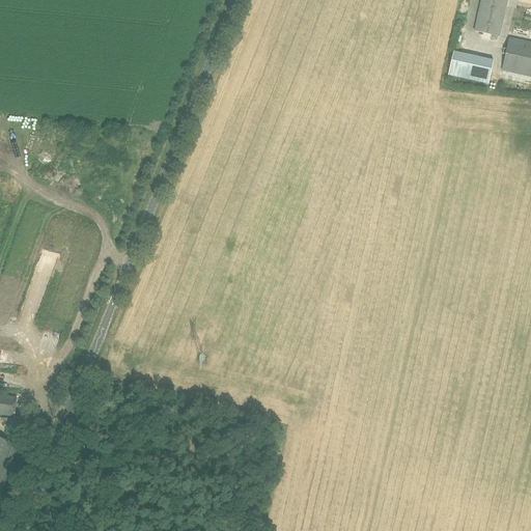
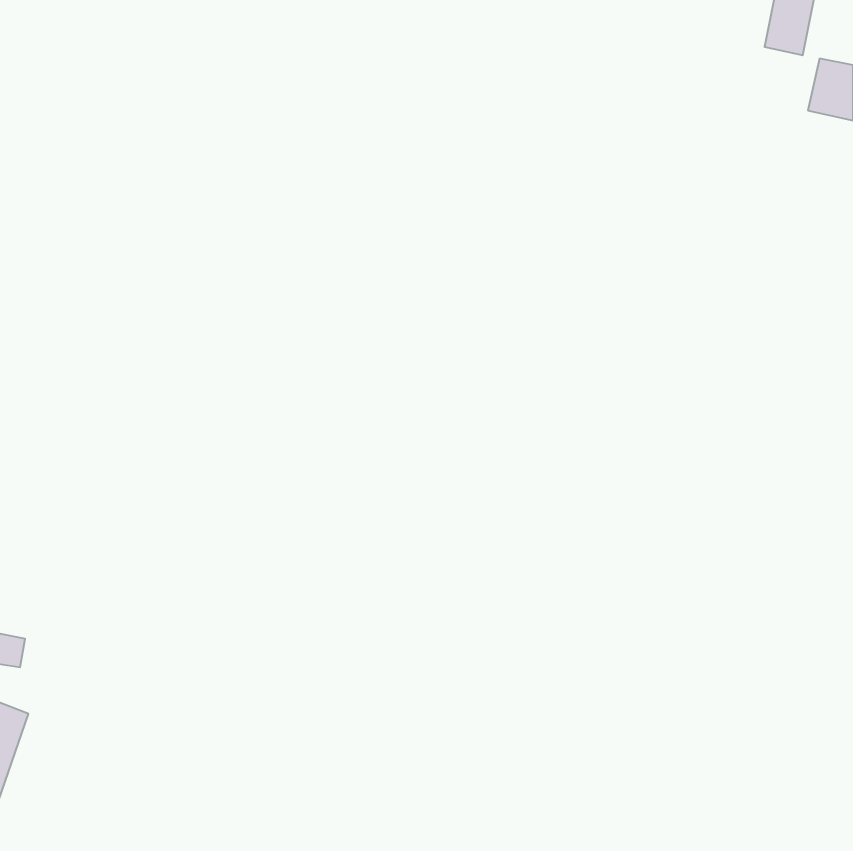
building: [447,50,493,83] -> none

